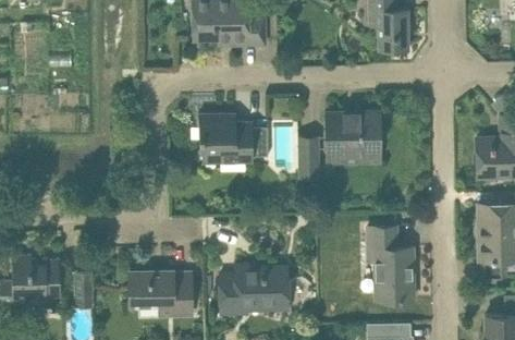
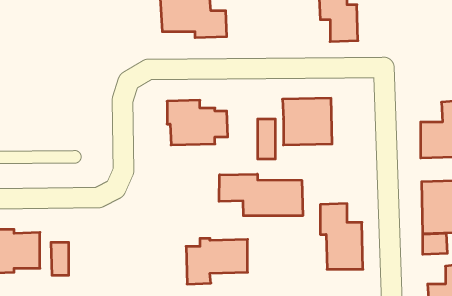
building: none -> [219,174,303,216]
building: [128,271,192,316] -> none

